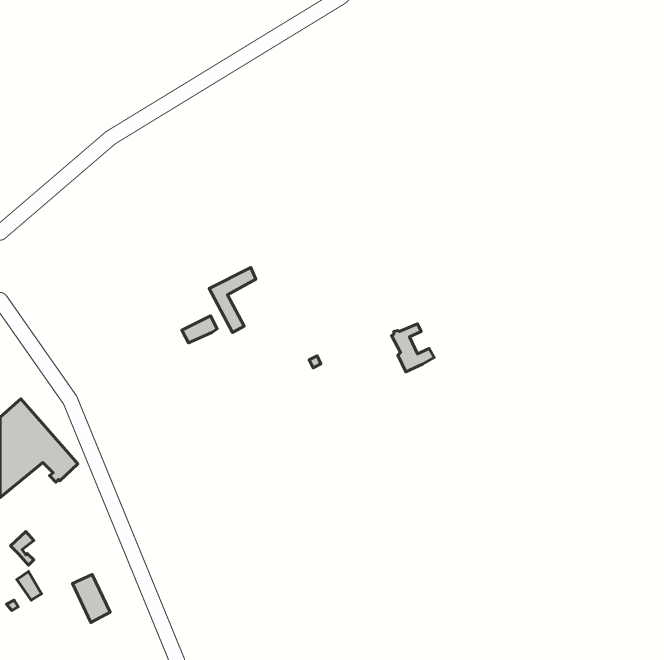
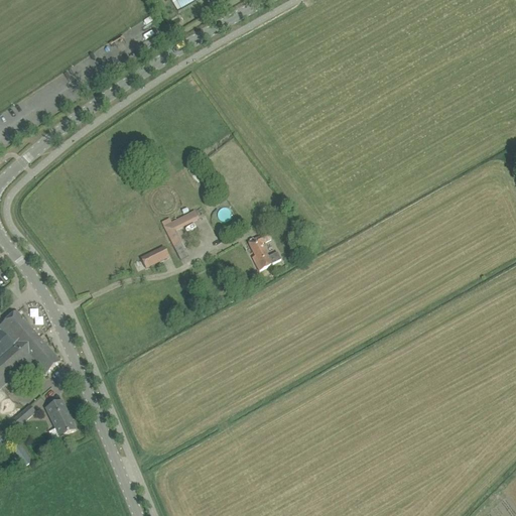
building: [391,324,434,372] -> [248,232,281,269]
building: [73,574,110,622] -> [46,399,76,436]

